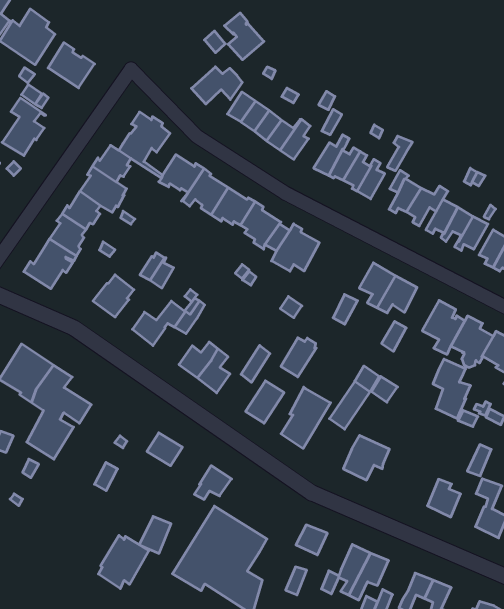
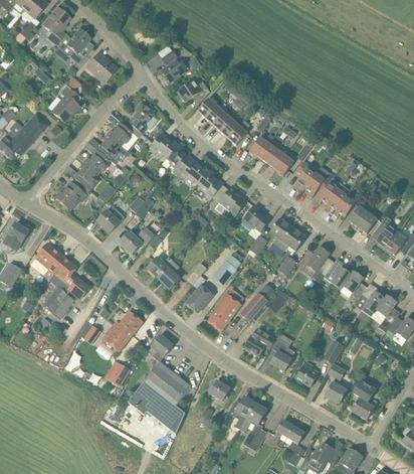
building: [224,13,264,60] -> [161,51,185,82]
building: none -> [241,204,269,231]
building: [433,359,471,419] -> [270,332,294,371]
building: [98,535,149,589] -> [99,320,134,354]

